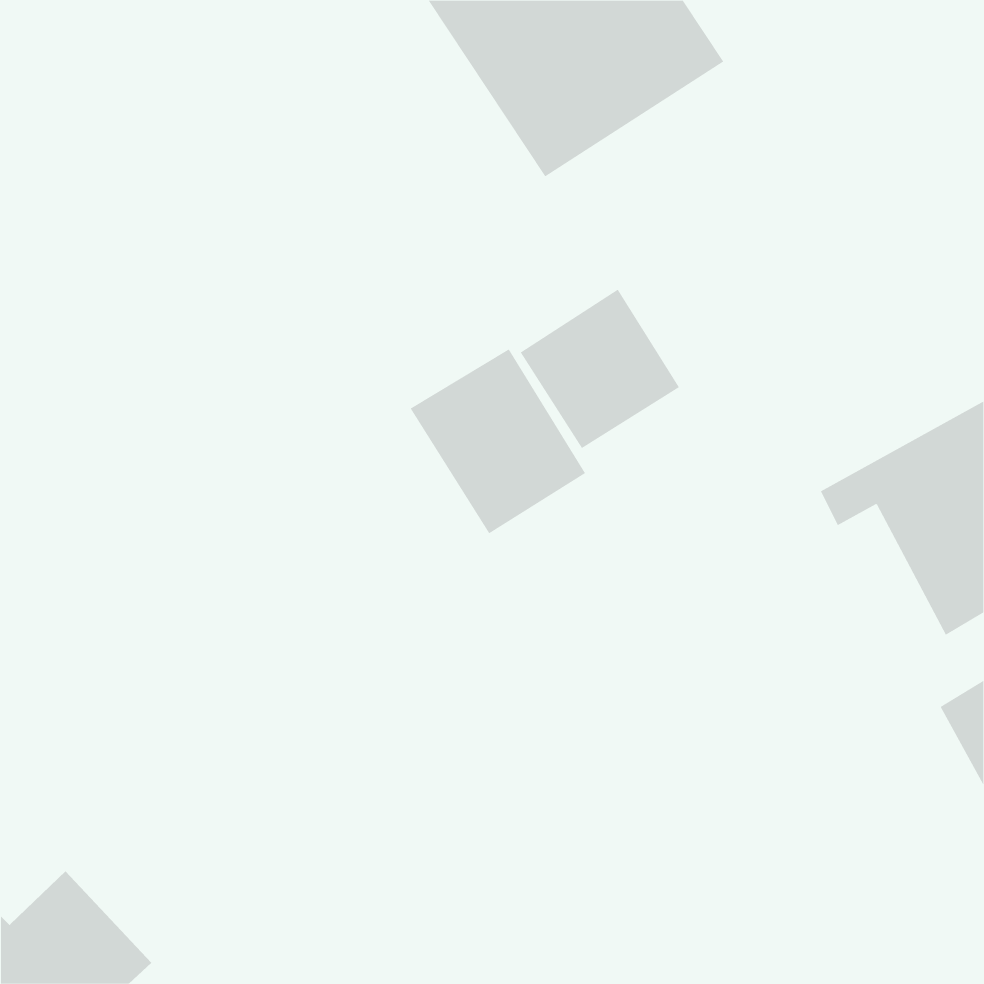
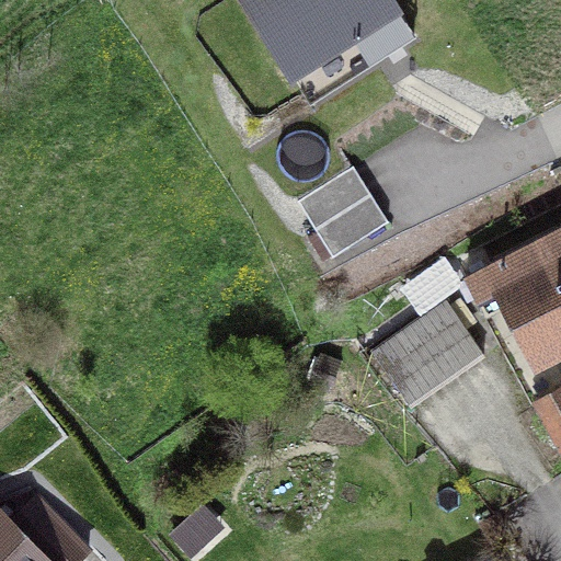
building: [410,349,586,534] -> none
building: none -> [371,299,482,405]

